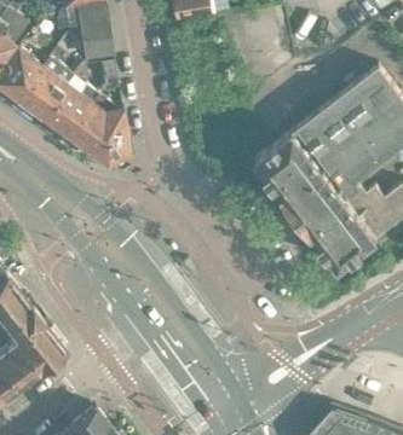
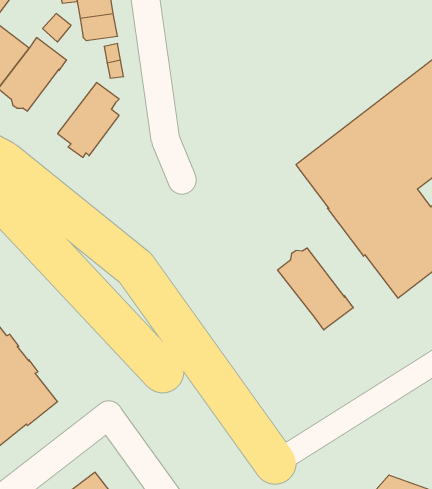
building: [40,82,96,134] -> none
building: [90,108,133,172] -> none
building: none -> [278,248,353,330]

